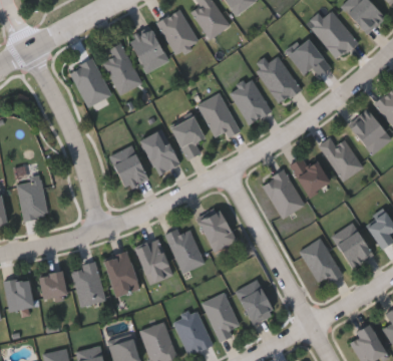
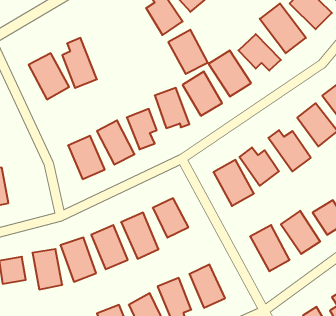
building: [157,9,199,55] -> [168,30,208,74]
building: [129,29,168,74] -> none

